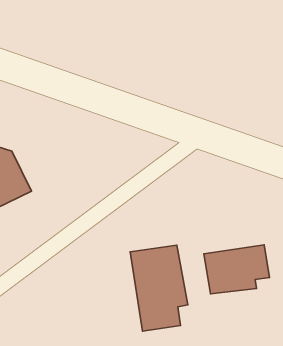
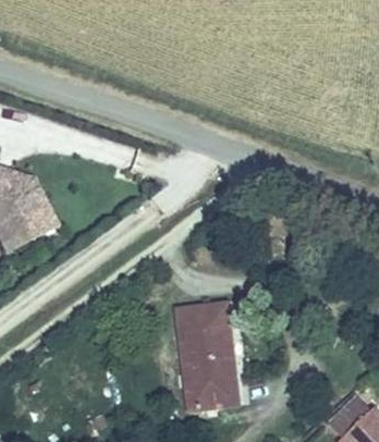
building: [204,245,269,294] -> none

